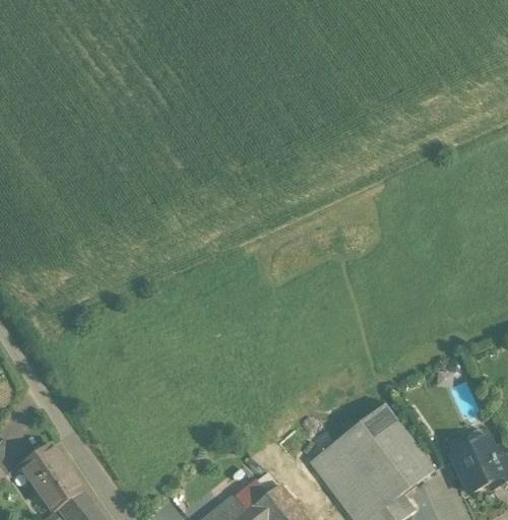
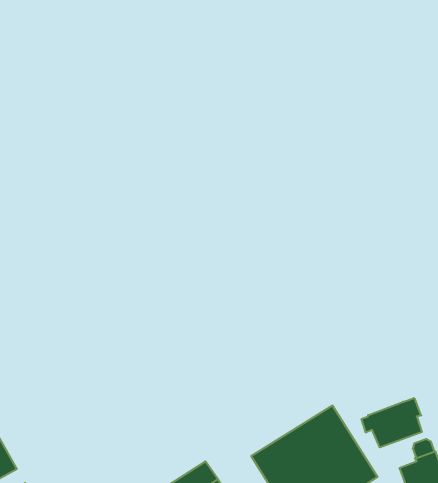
building: none -> [362,398,422,447]

